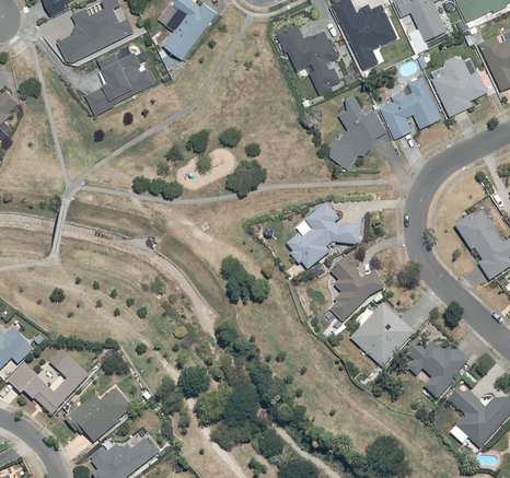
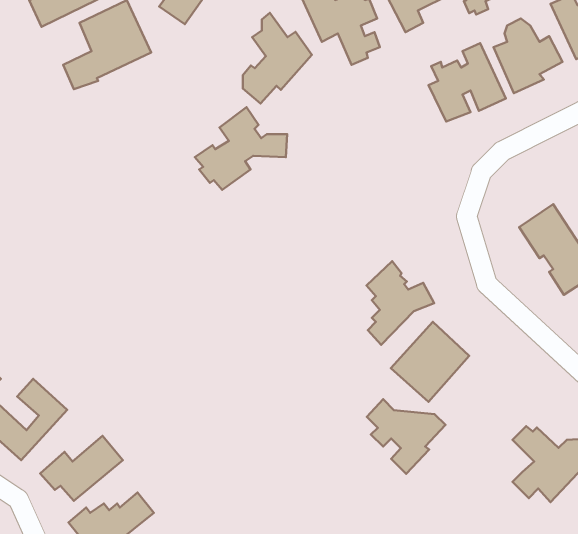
building: [331,95,386,168] -> [243,13,312,103]
building: [286,201,360,268] -> [195,107,287,190]
building: [403,336,466,396] -> [367,399,445,474]

